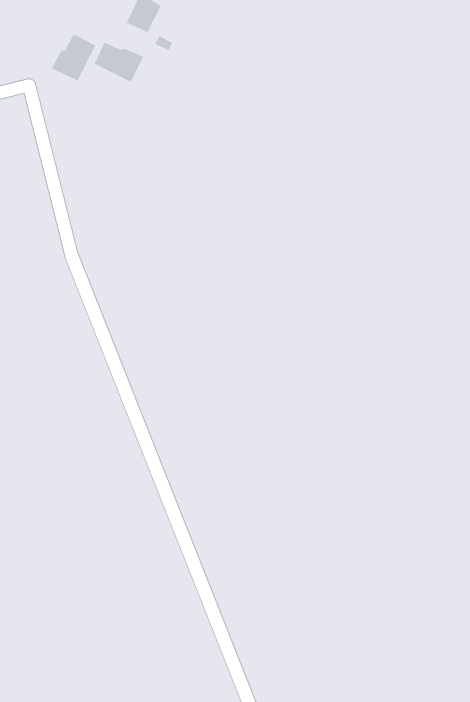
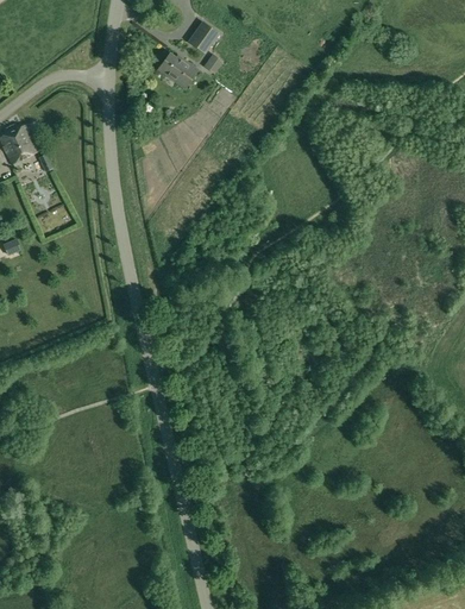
building: [51,33,96,82] -> none

